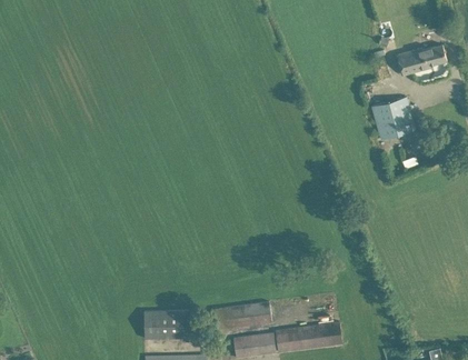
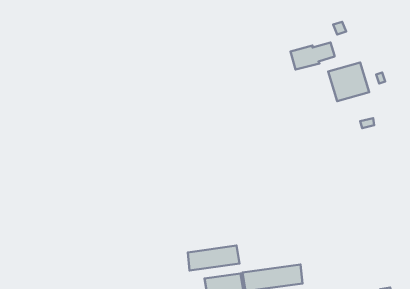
building: [397,44,446,74] -> [290,43,334,69]
building: [143,310,188,338] -> none

